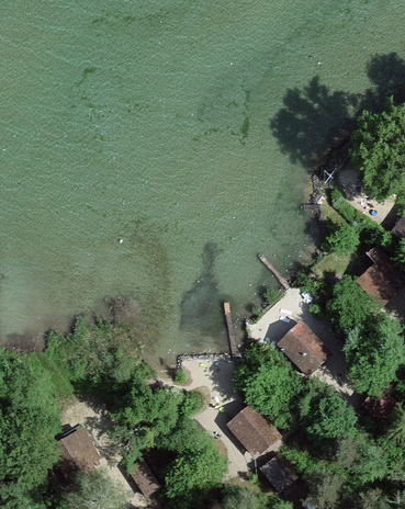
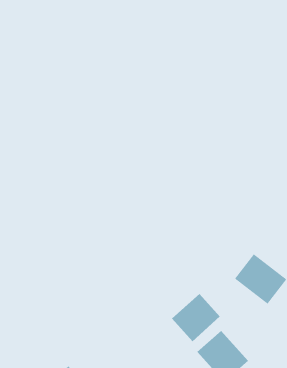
building: none -> [171,293,221,342]

